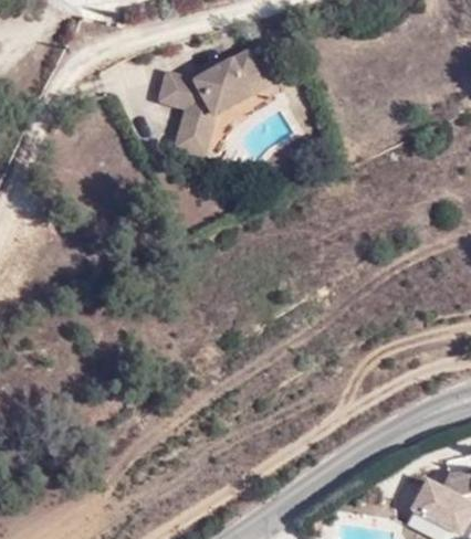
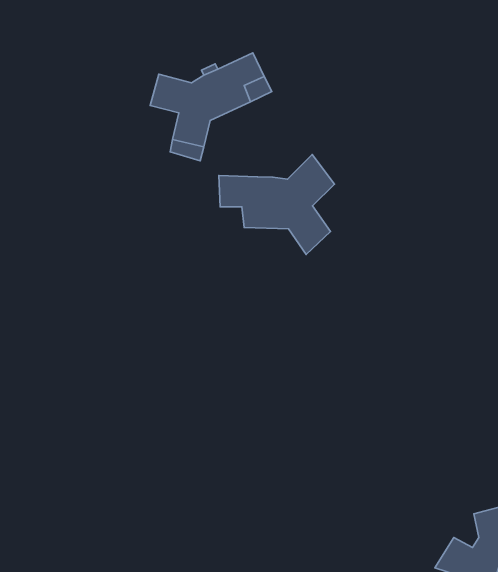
building: none -> [219,154,335,255]

